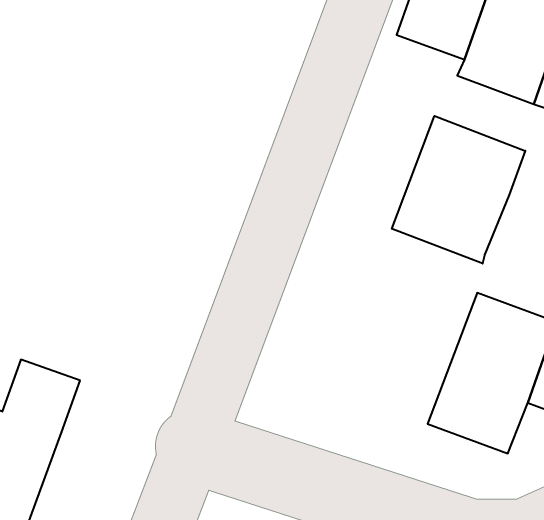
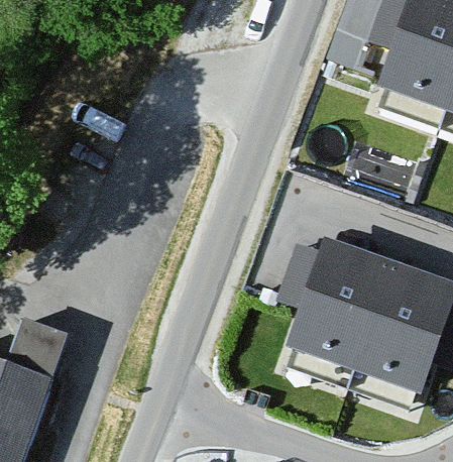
building: [392,116,525,264] -> none
building: none -> [285,237,394,370]

